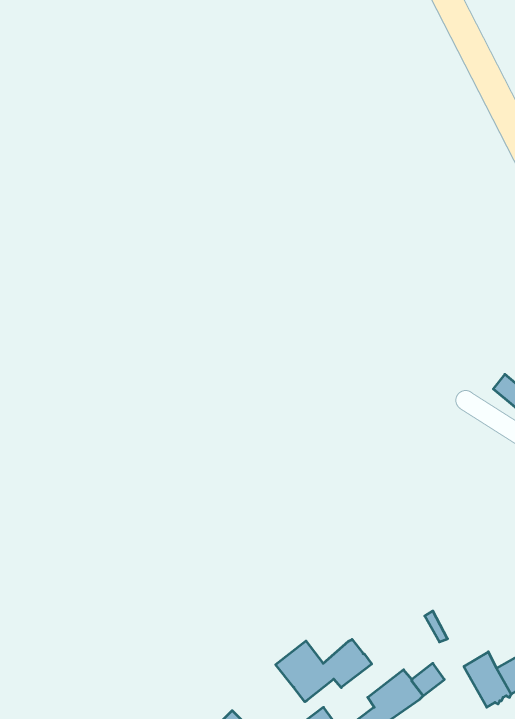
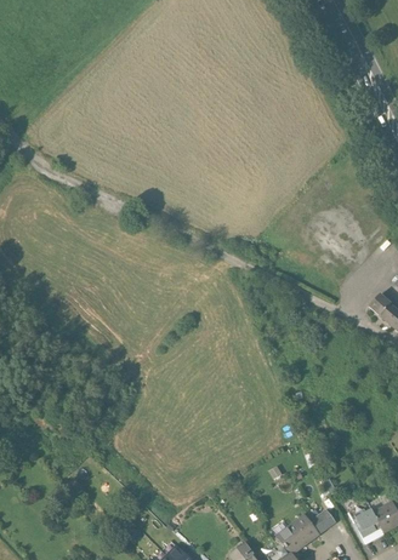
building: [276,639,372,702] -> none

